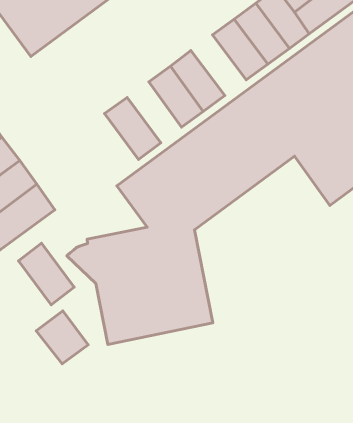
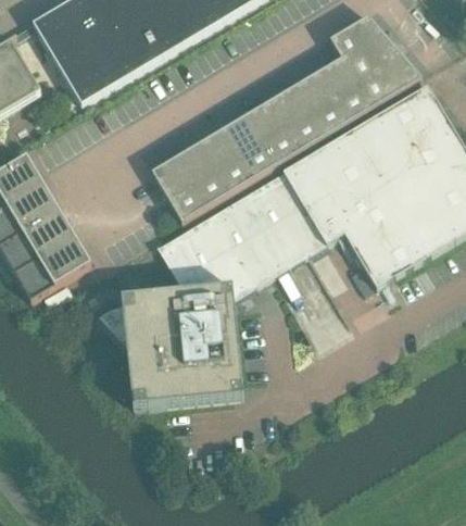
building: none -> [247,99,301,163]
building: none -> [176,141,229,205]
building: [19,243,74,305] -> none
building: [36,311,88,364] -> none

